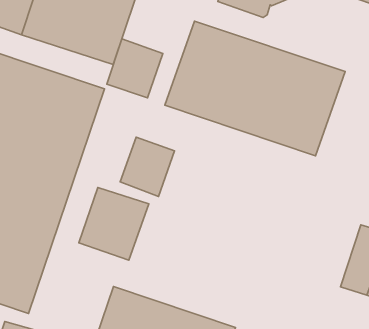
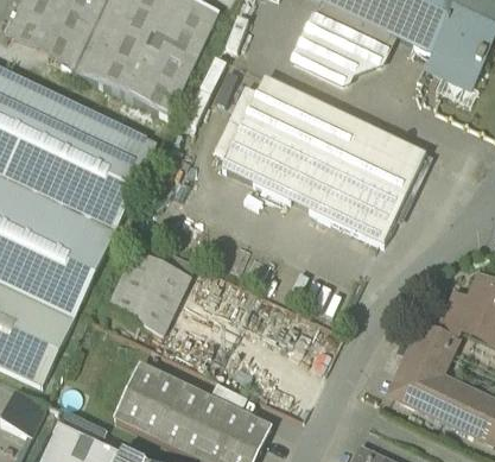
building: [107,39,163,98] -> none
building: [120,137,175,197] -> none

